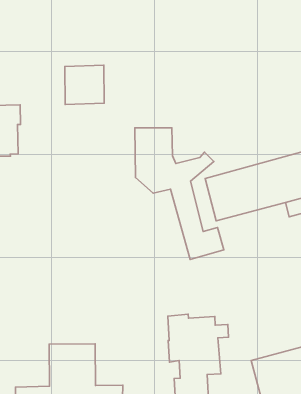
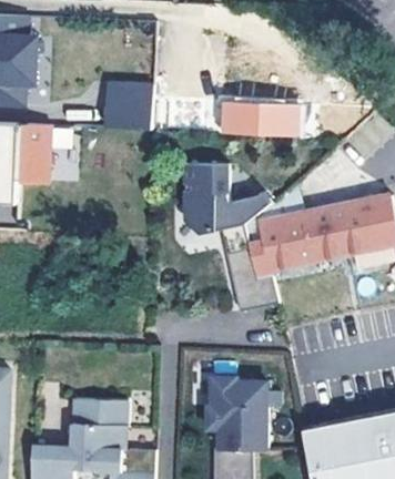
building: none -> [220,101,298,136]

